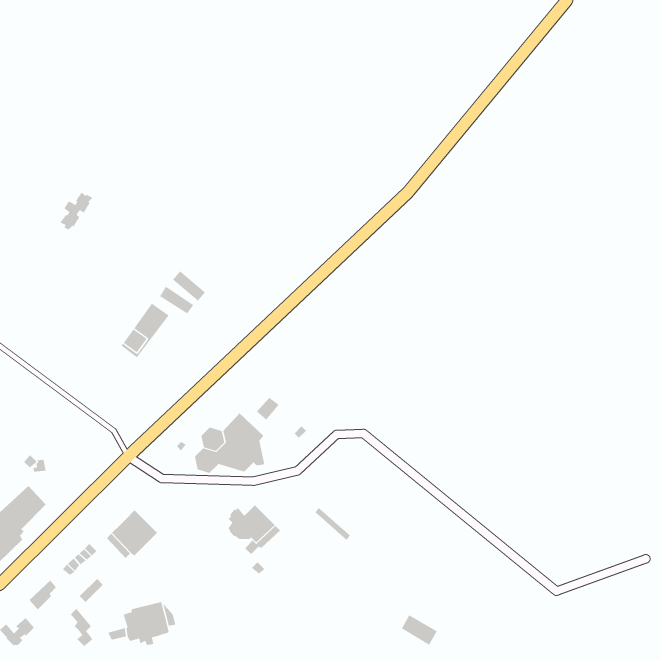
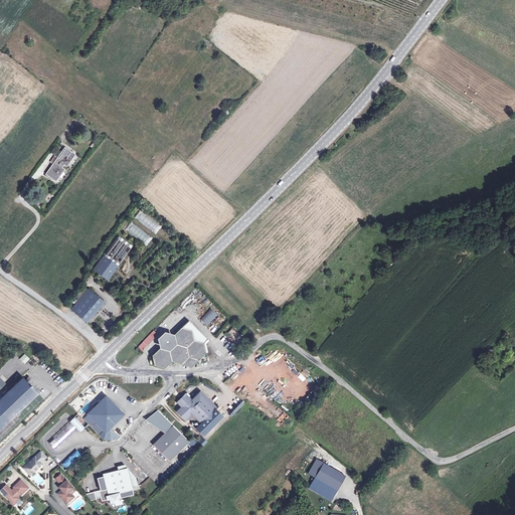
building: none -> [71,289,103,321]
building: none -> [144,409,188,462]
building: none -> [311,459,349,491]

